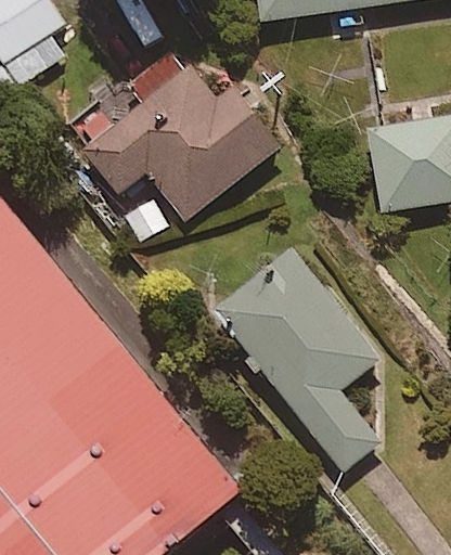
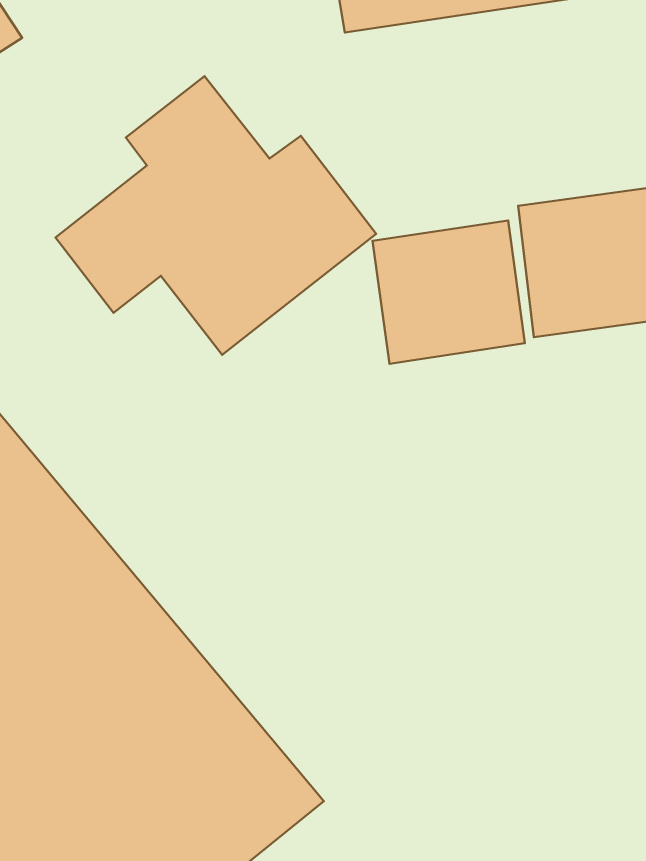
building: none -> [373,220,525,364]
building: [216,251,377,470] -> none

